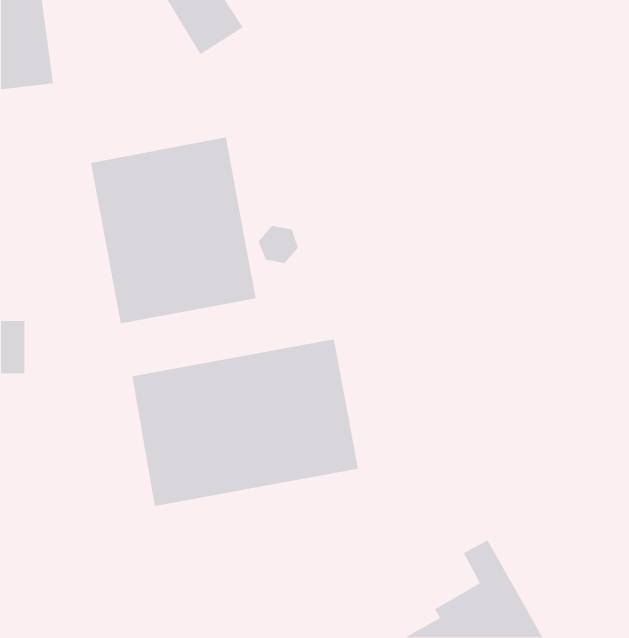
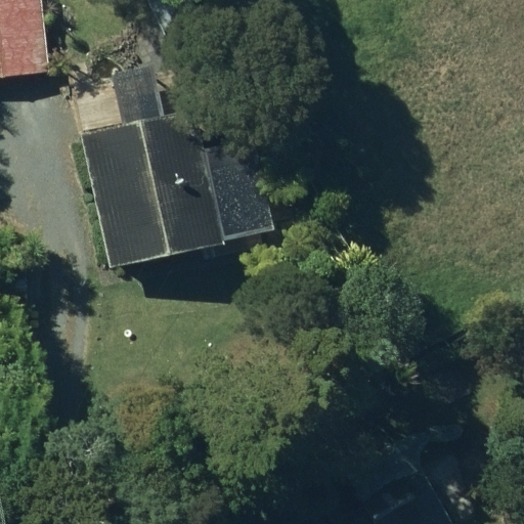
building: [131,339,359,507] -> none

